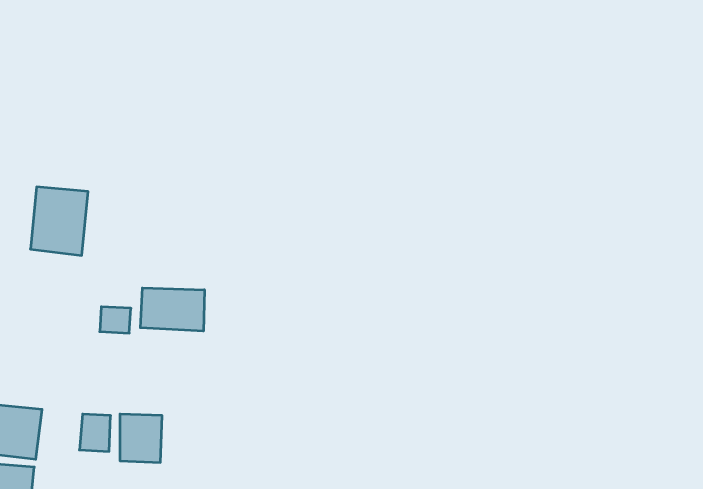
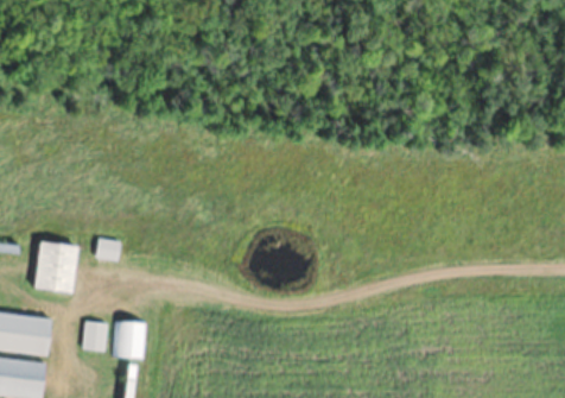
building: [30,187,88,255] -> [34,241,78,293]
building: [140,288,204,331] -> none

